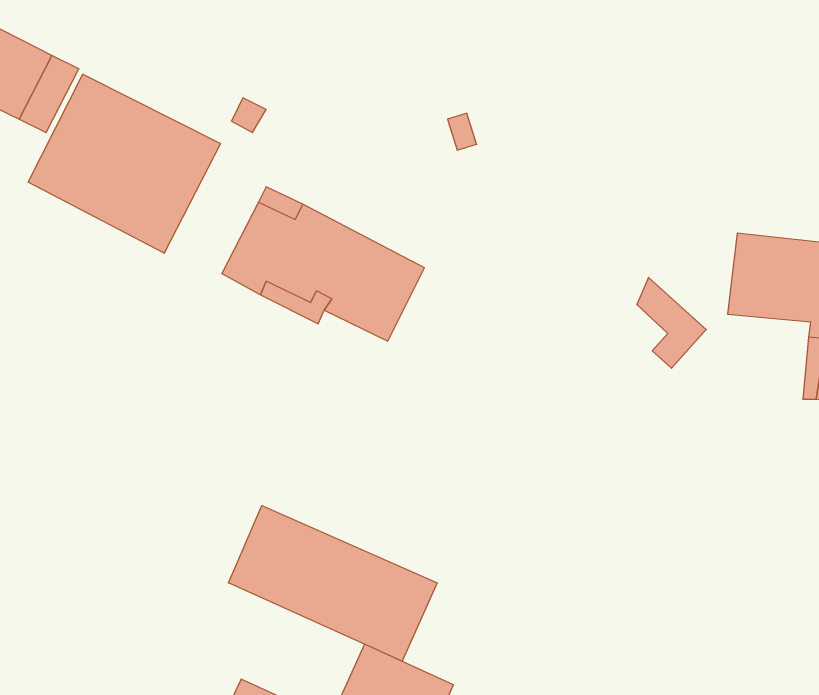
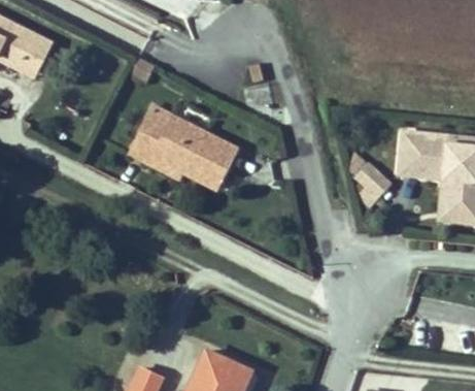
building: [28,74,221,253] -> none
building: [228,506,437,661] -> none

